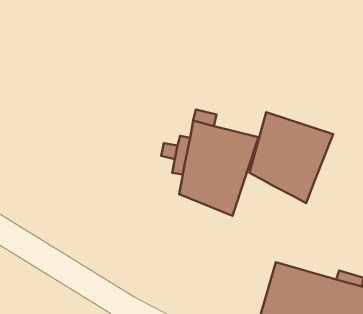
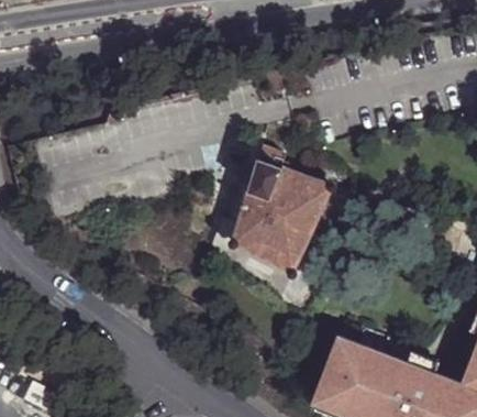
building: [250,112,333,203] -> none

